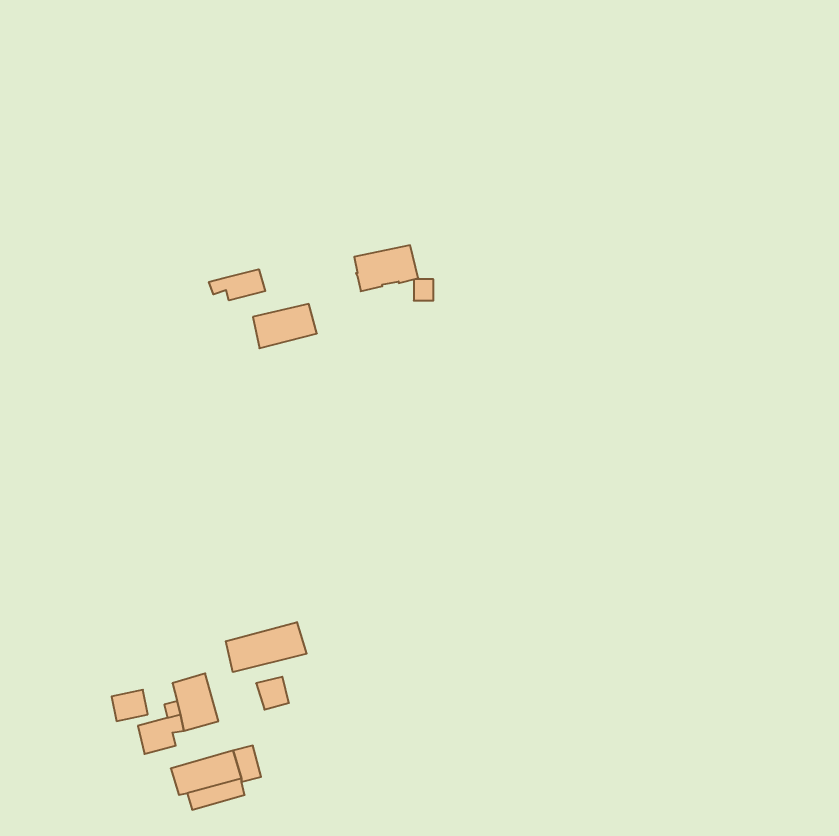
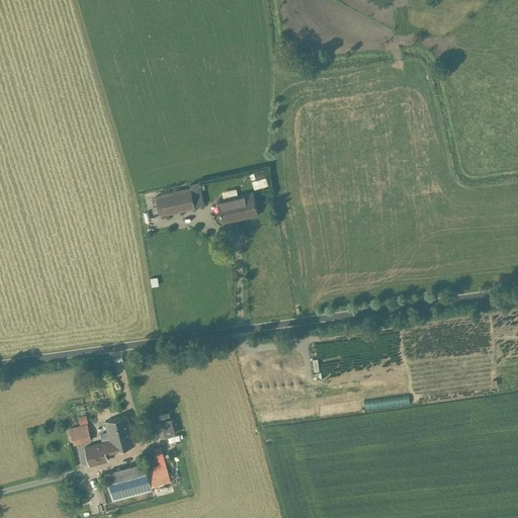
building: [354,245,418,291] -> [219,195,258,224]
building: [209,269,265,300] -> none
building: [226,622,307,672] -> none

